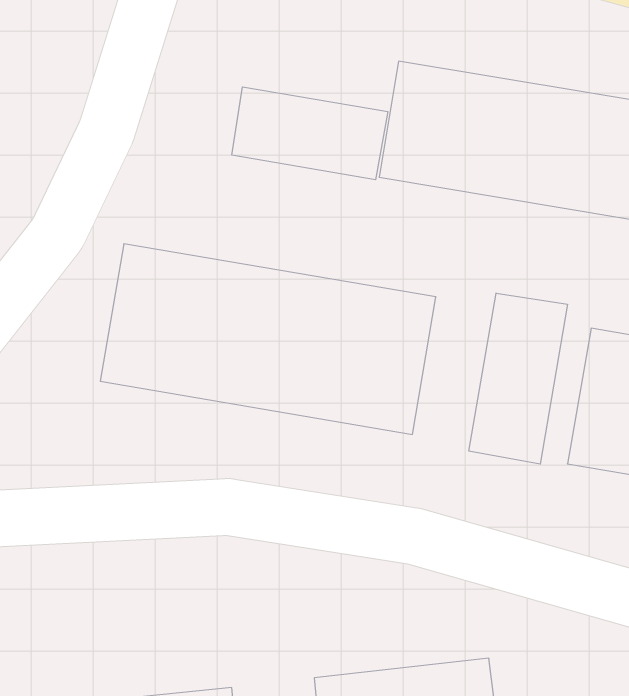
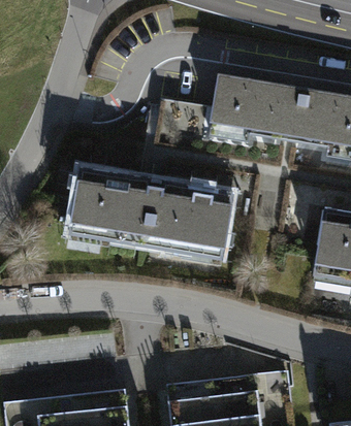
building: [232,87,388,180] -> none
building: [469,293,567,464] -> none

